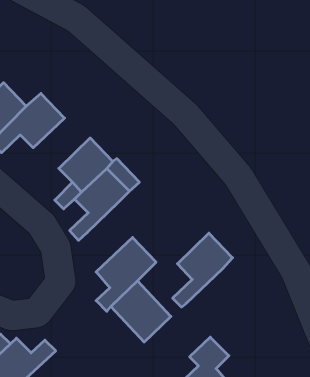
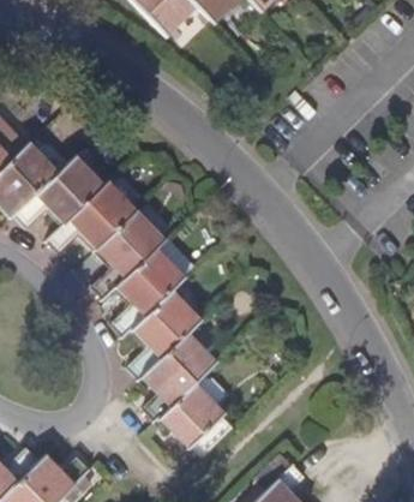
building: none -> [48,183,136,251]
building: [173,233,233,307] -> [126,288,199,378]

